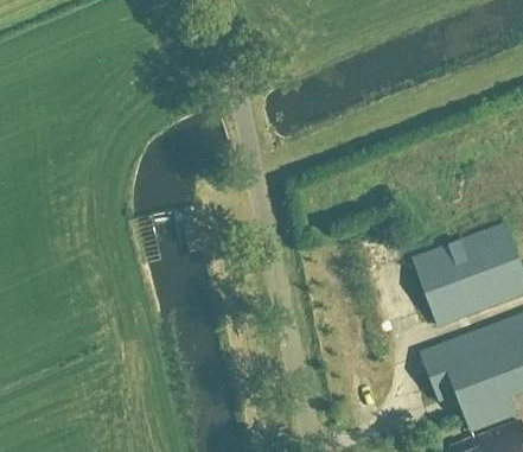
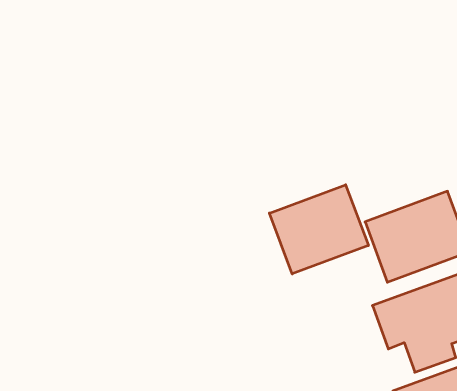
building: none -> [269,185,368,274]

